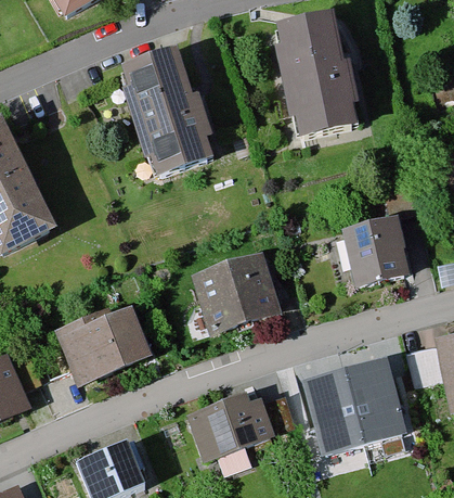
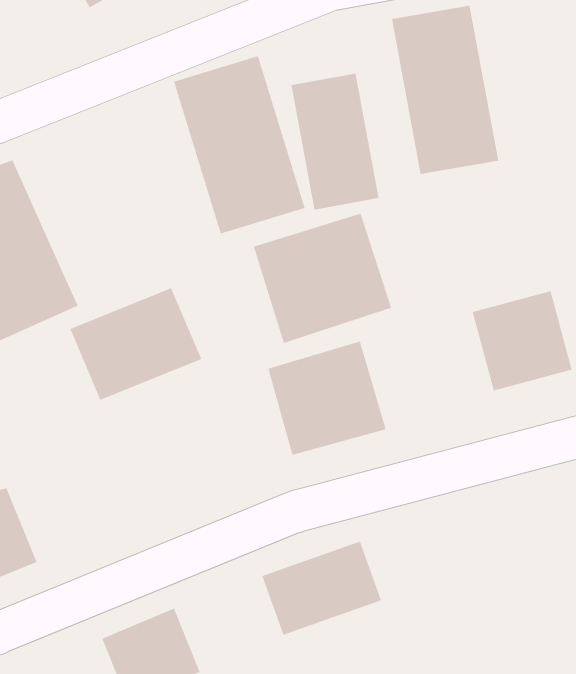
building: none -> [291,73,379,210]
building: none -> [253,213,392,344]
building: [56,303,151,383] -> [69,288,202,400]
building: [308,360,403,454] -> none

